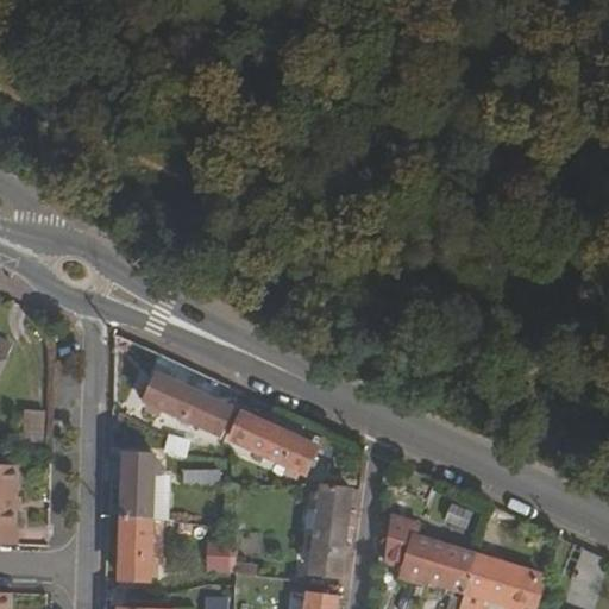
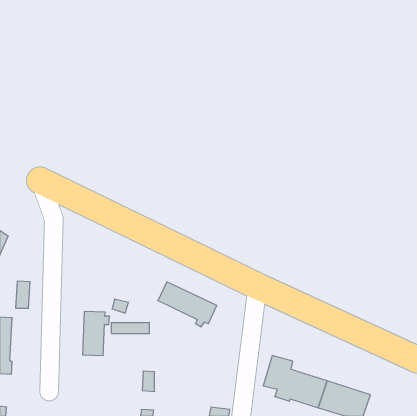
building: [145,372,231,433] -> none
building: [306,483,350,576] -> none
building: [118,516,155,580] -> none

